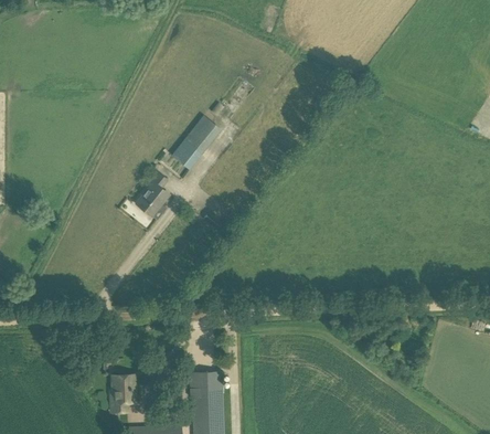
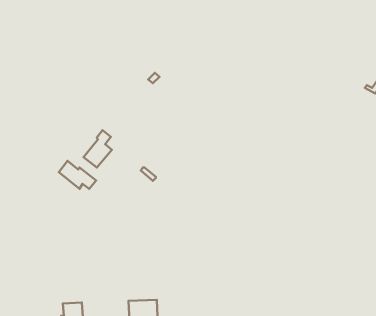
building: [171,116,219,169] -> none
building: none -> [59,161,96,189]

